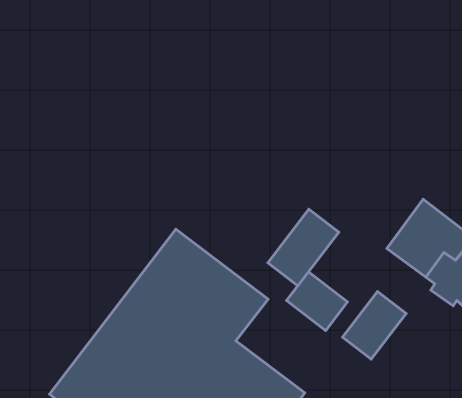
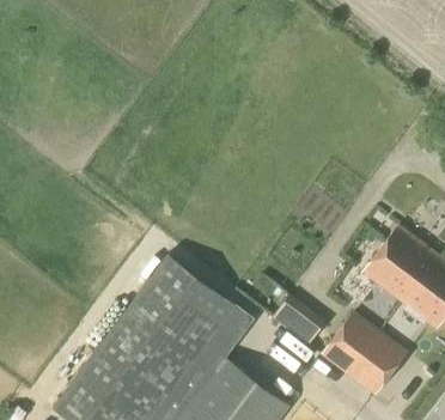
building: [268,209,339,286] -> none
building: none -> [348,333,406,395]

